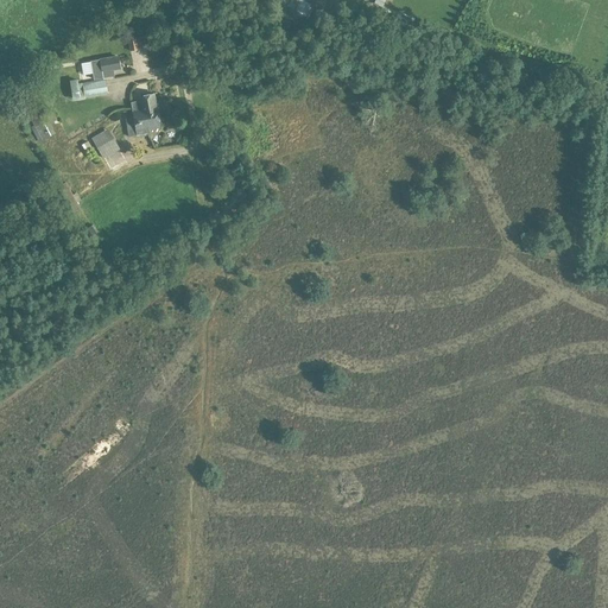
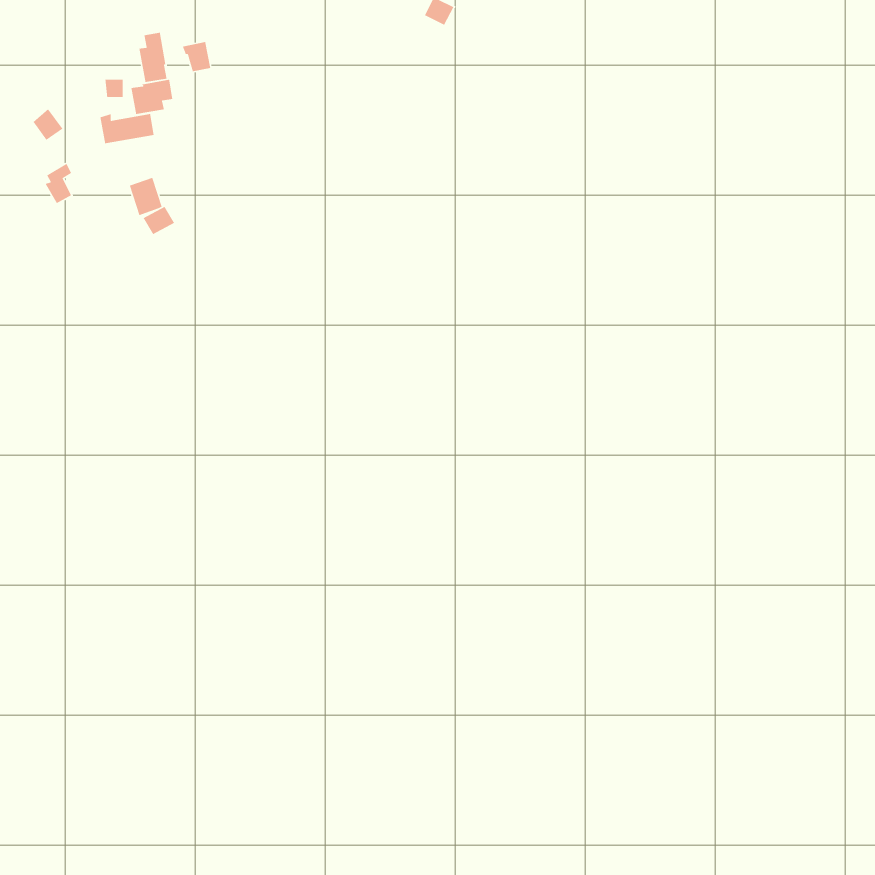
building: none -> [139,32,168,83]
building: [127,94,160,137] -> none

